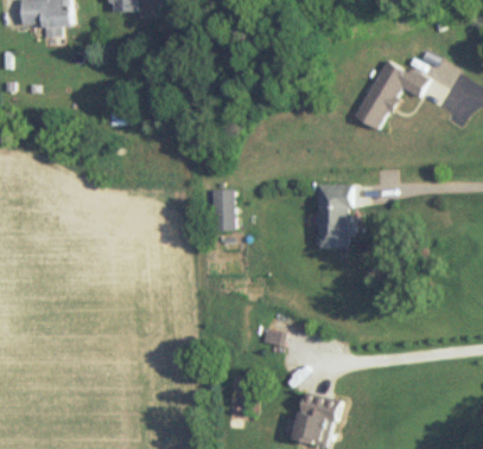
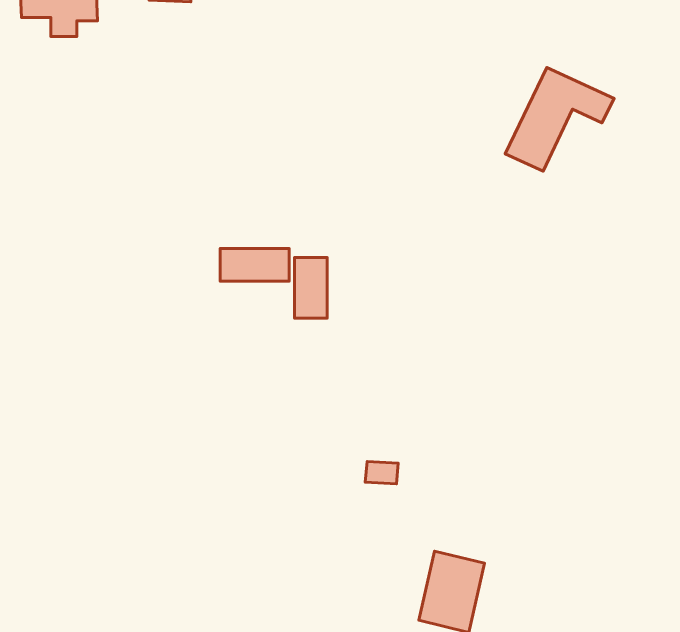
building: none -> [220,248,289,281]
building: [313,184,351,248] -> none

